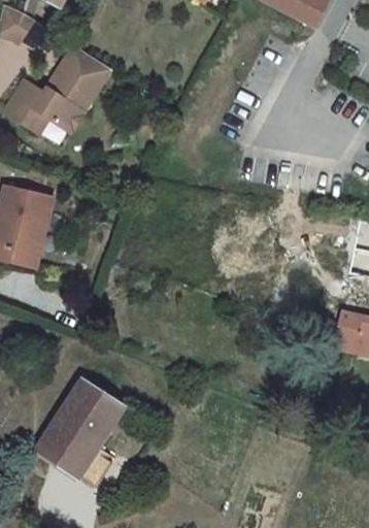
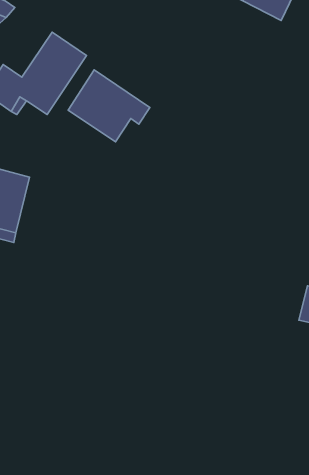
building: none -> [68,70,150,142]
building: [37,382,123,476] -> none

